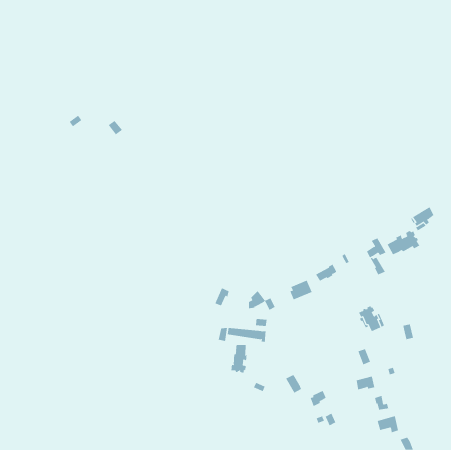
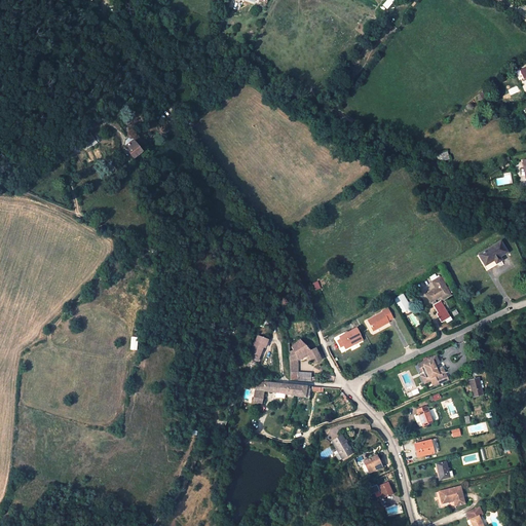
building: [387,230,420,255] -> none
building: [231,344,247,373] -> none

